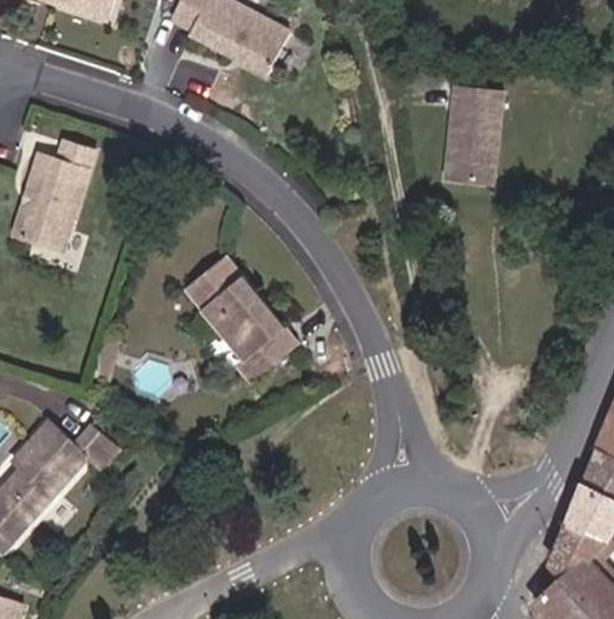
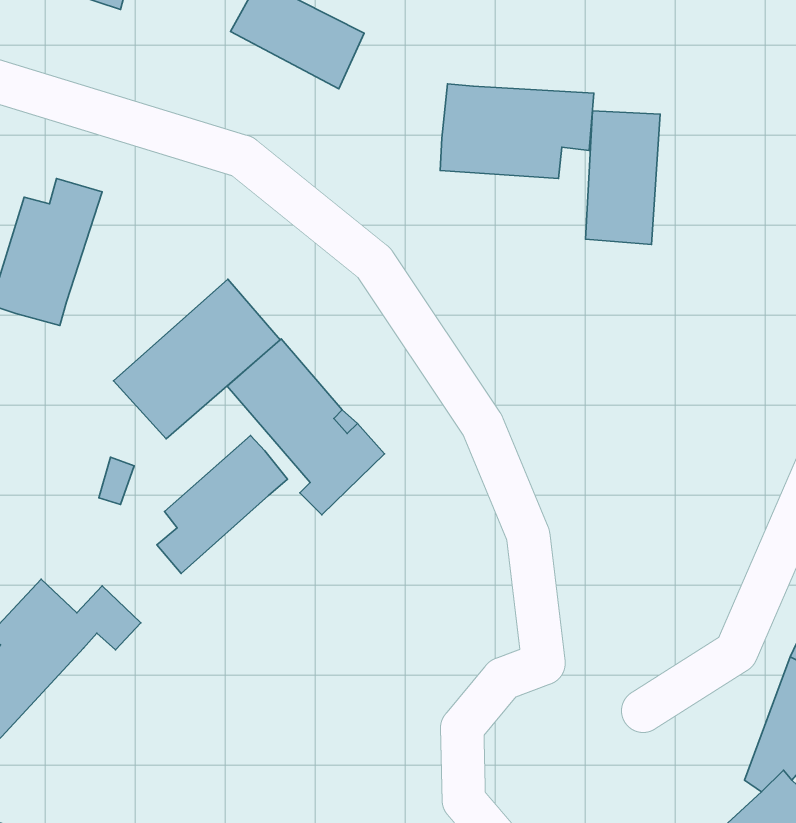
building: none -> [440,84,594,179]
building: none -> [114,279,280,439]
building: none -> [157,435,287,574]

